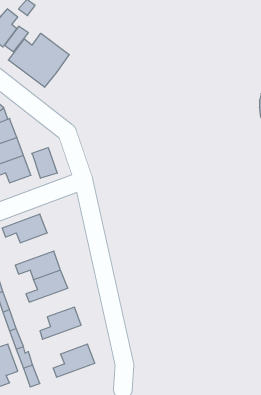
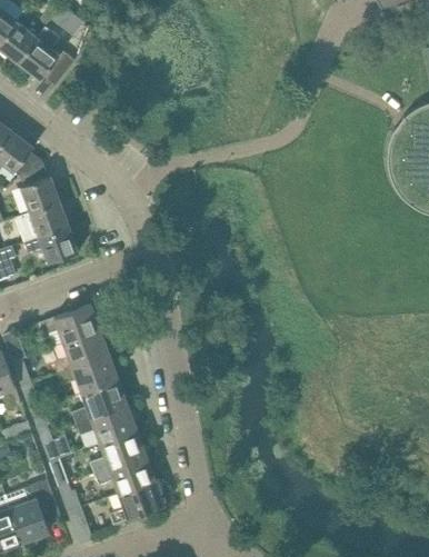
building: [8,33,69,87] -> none
building: [32,148,57,178] -> none
building: none -> [53,330,109,374]
building: none -> [76,405,137,444]
building: none -> [93,455,154,494]

